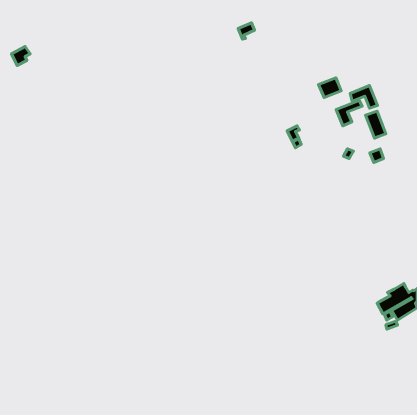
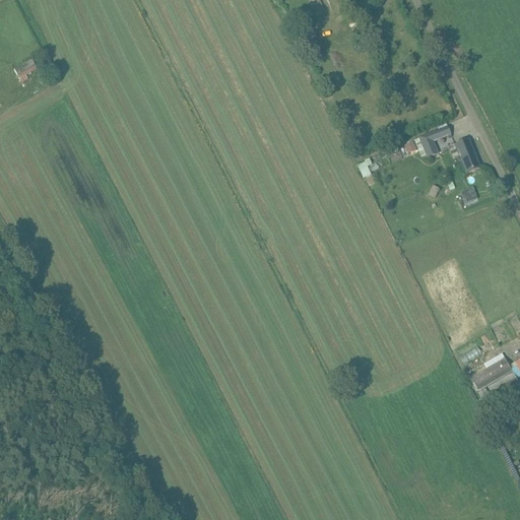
building: [319,78,341,98] -> none
building: [350,86,378,108] -> none

